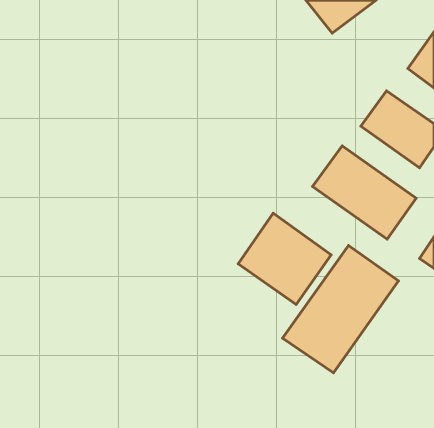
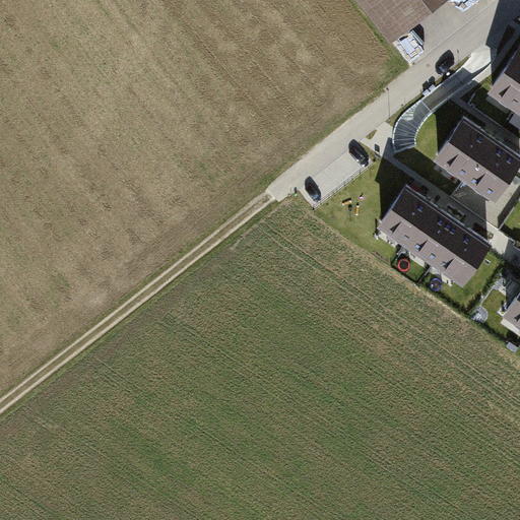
building: [238,213,331,304] -> none
building: [283,246,398,373] -> none

